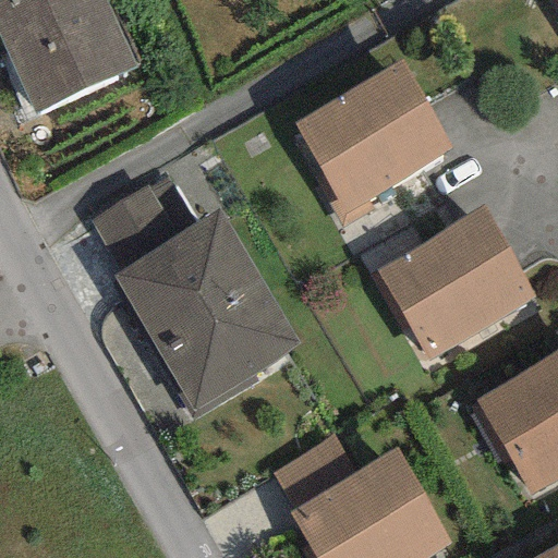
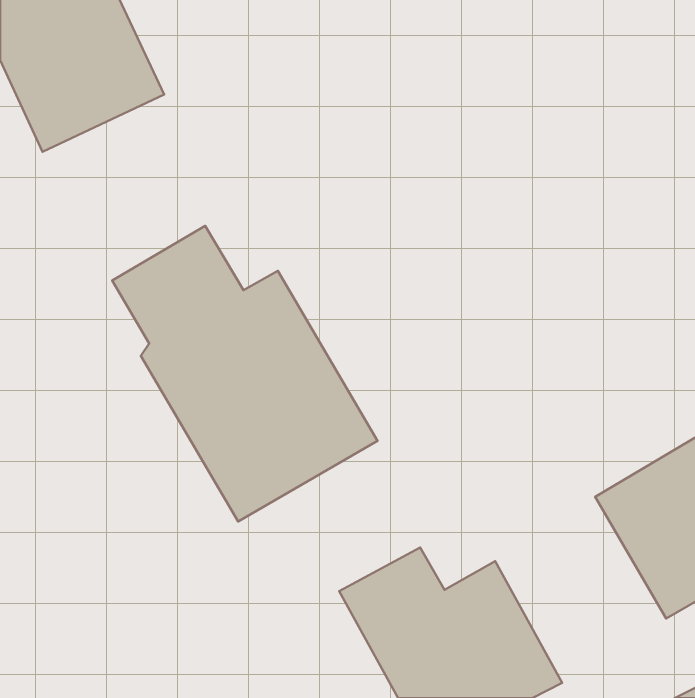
building: [294,59,456,211] -> none
building: [381,213,535,360] -> none

